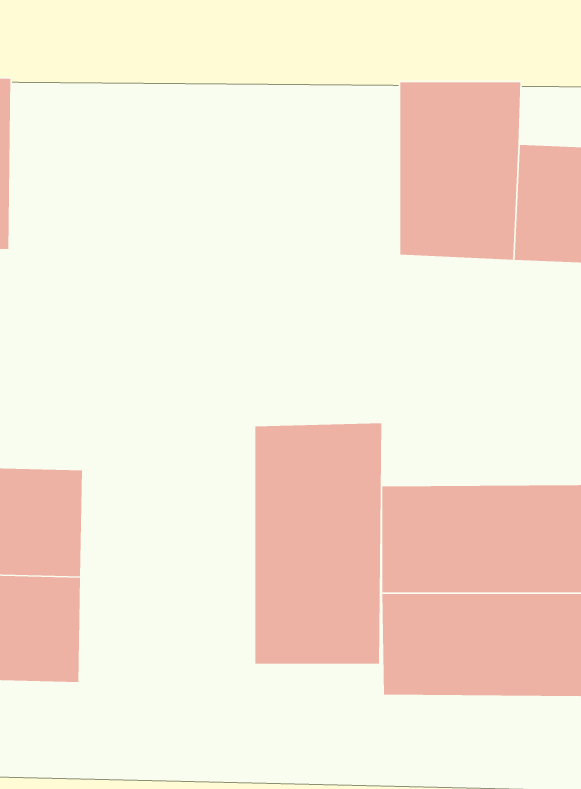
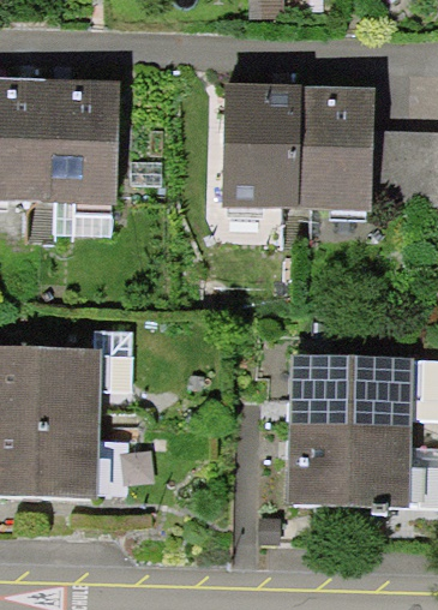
building: none -> [42,83,124,199]
building: none -> [223,85,304,202]
building: [254,422,382,665] -> none

